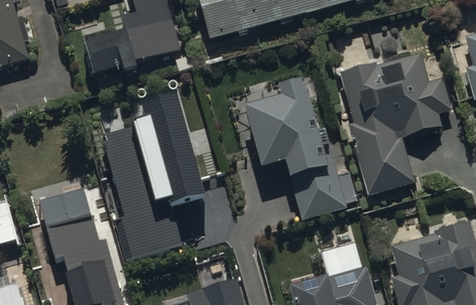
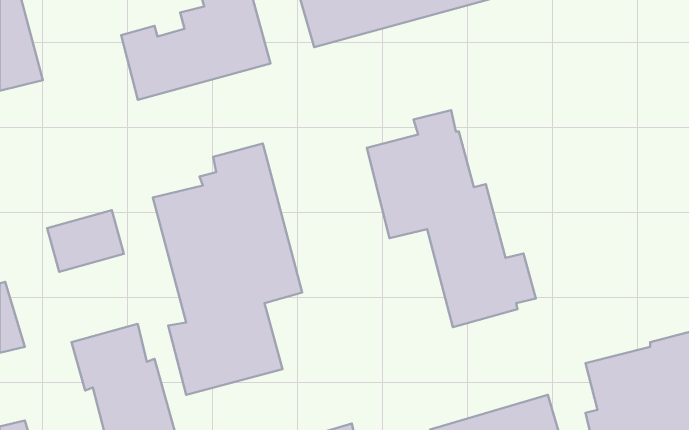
building: [341,54,453,198] -> none
building: [40,191,92,233] -> [47,210,124,272]

